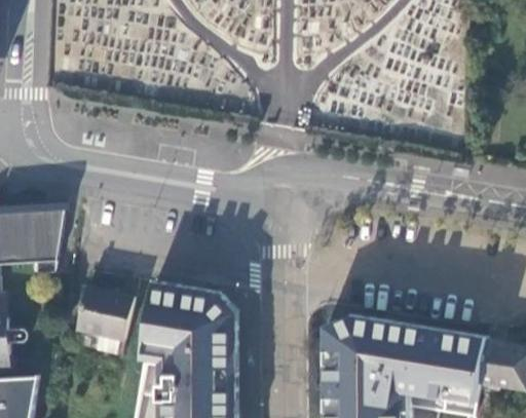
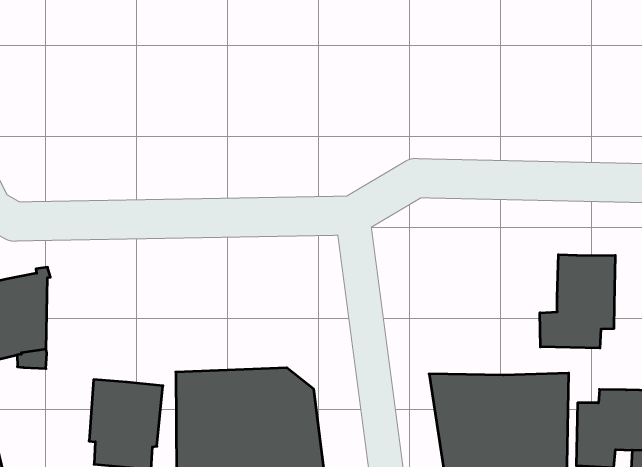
building: none -> [540,255,615,348]

